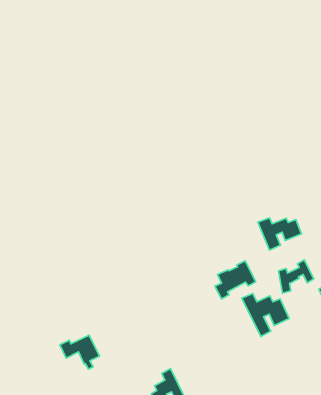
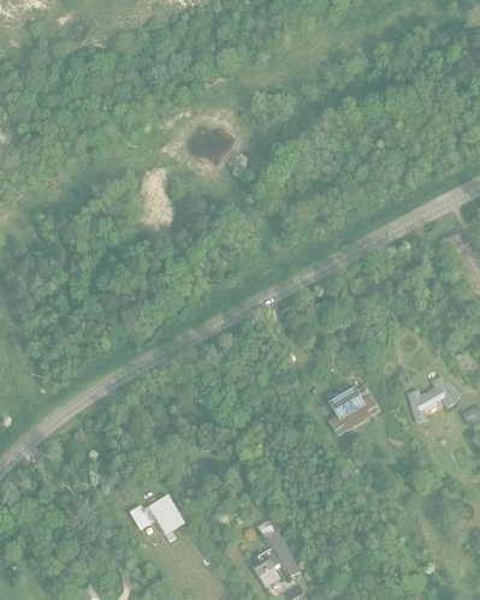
building: [258,218,302,250] -> none
building: [242,293,289,336] -> none

